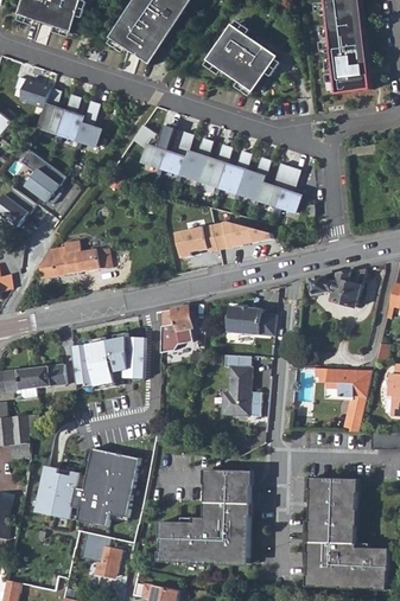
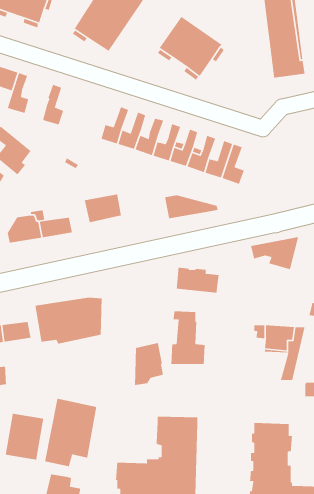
building: [58,94,82,140] -> none
building: [176,225,218,258] -> [84,193,122,223]
building: [159,305,192,353] -> [134,342,164,386]

